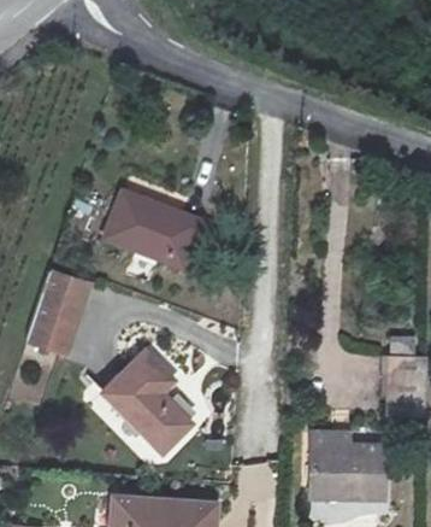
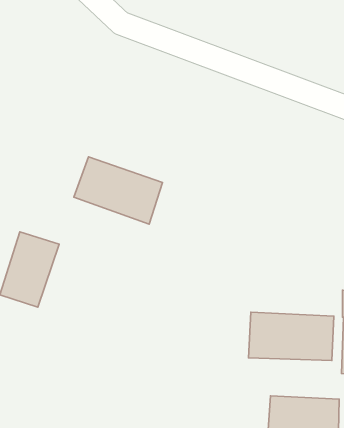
building: [105,351,194,453] -> none
building: none -> [248,312,334,361]

